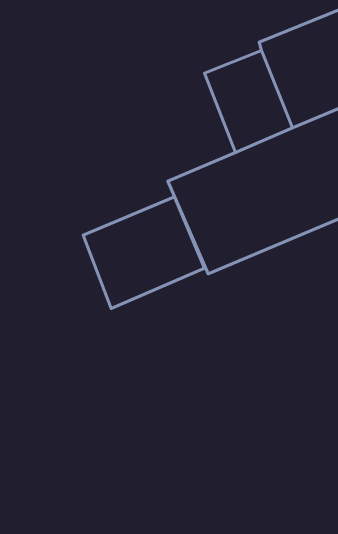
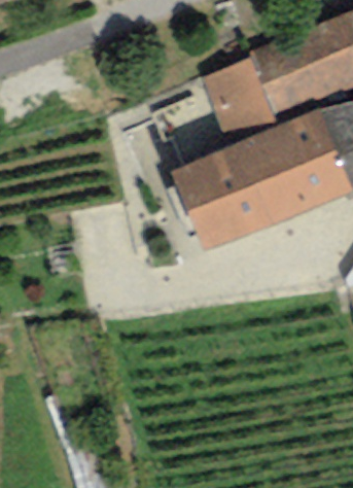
building: [83,197,205,308] -> none

